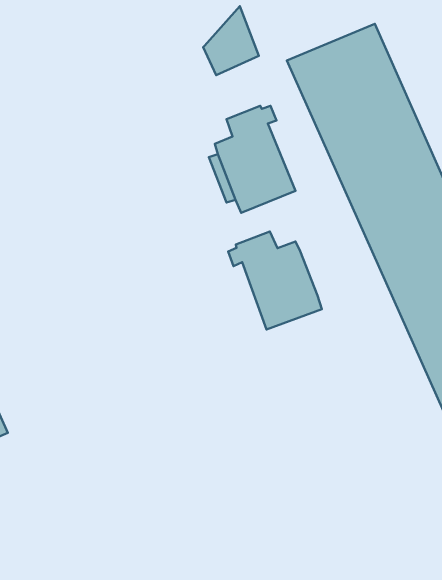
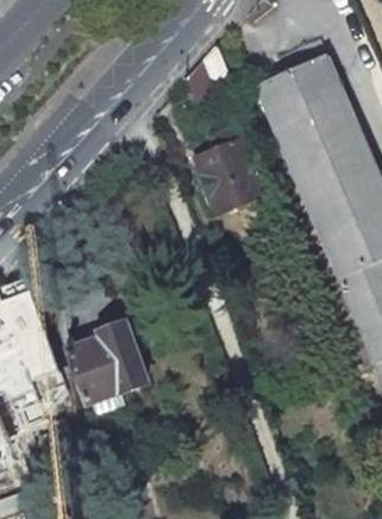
building: [228,232,322,330] -> none
building: none -> [69,315,156,408]

